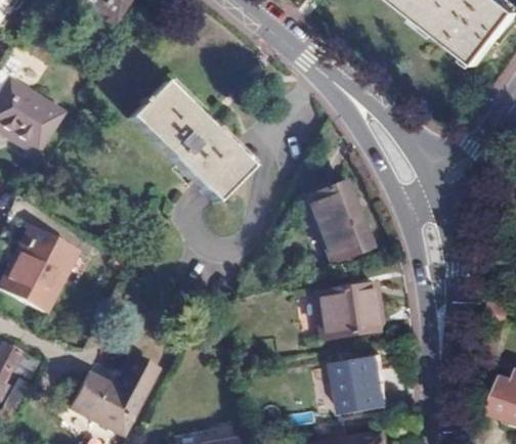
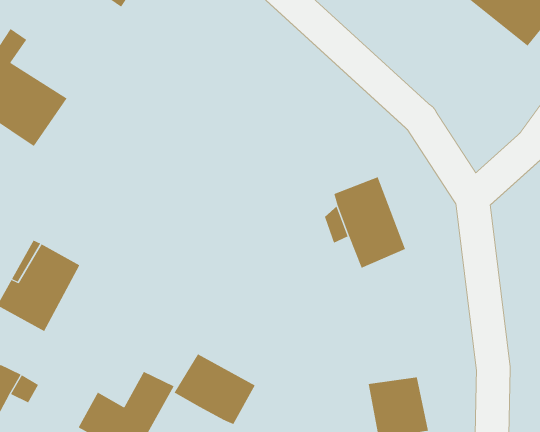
building: [129,84,248,205] -> none
building: [310,283,372,339] -> none
building: none -> [174,354,255,425]

